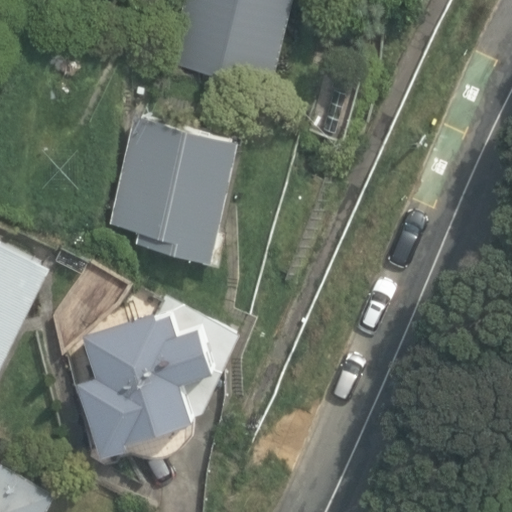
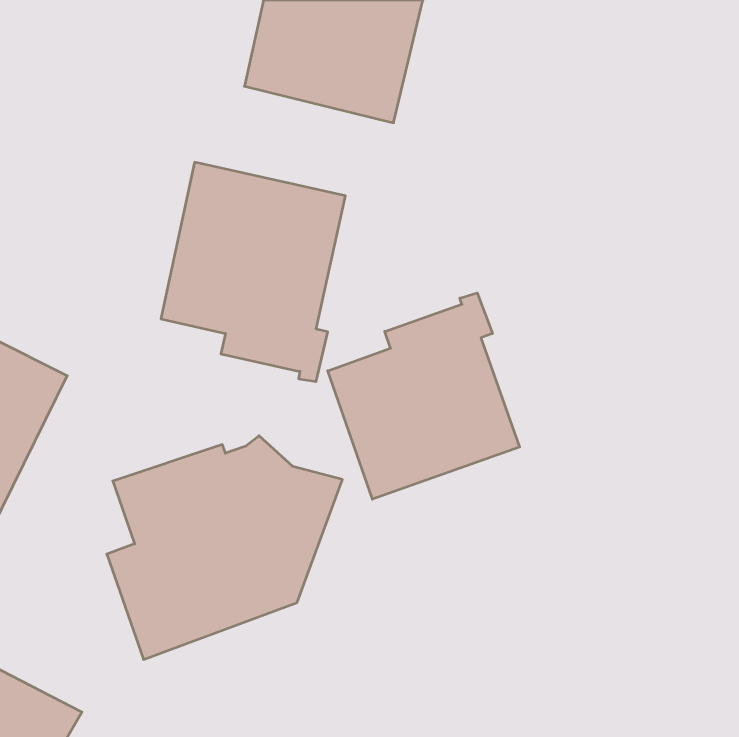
building: none -> [328,293,520,499]

